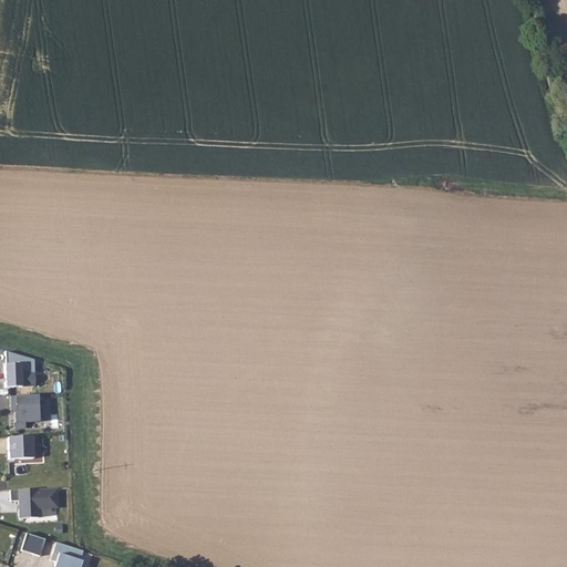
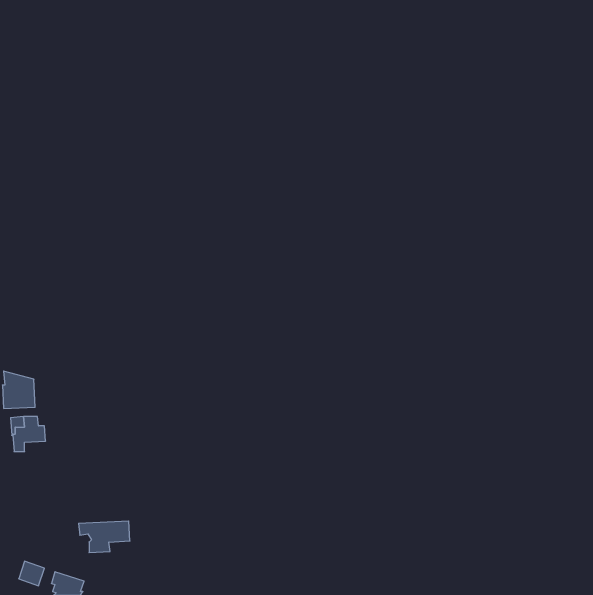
building: [9,436,34,460] -> none
building: [11,488,60,518] -> [79,521,130,553]

